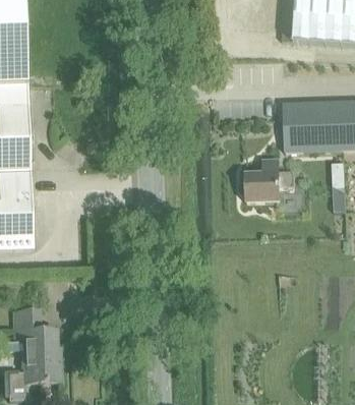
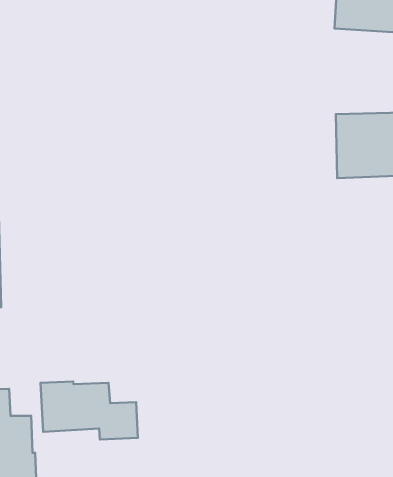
building: [244,162,294,204] -> none
building: none -> [41,382,138,439]

